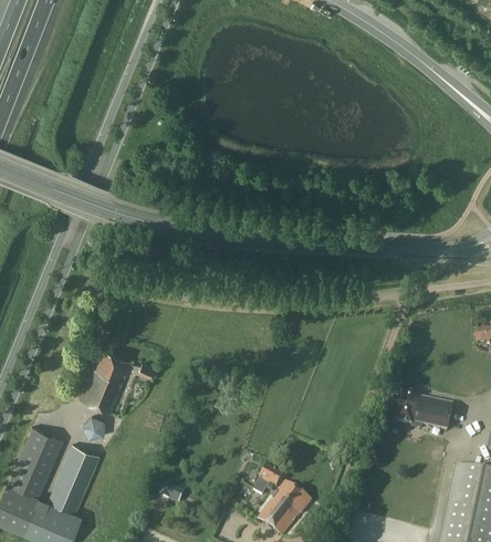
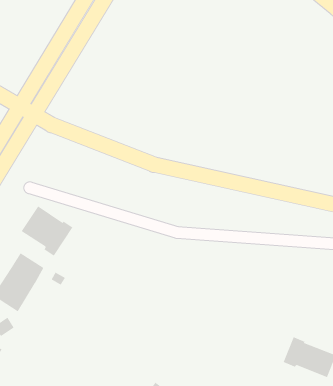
building: none -> [21,205,73,257]

